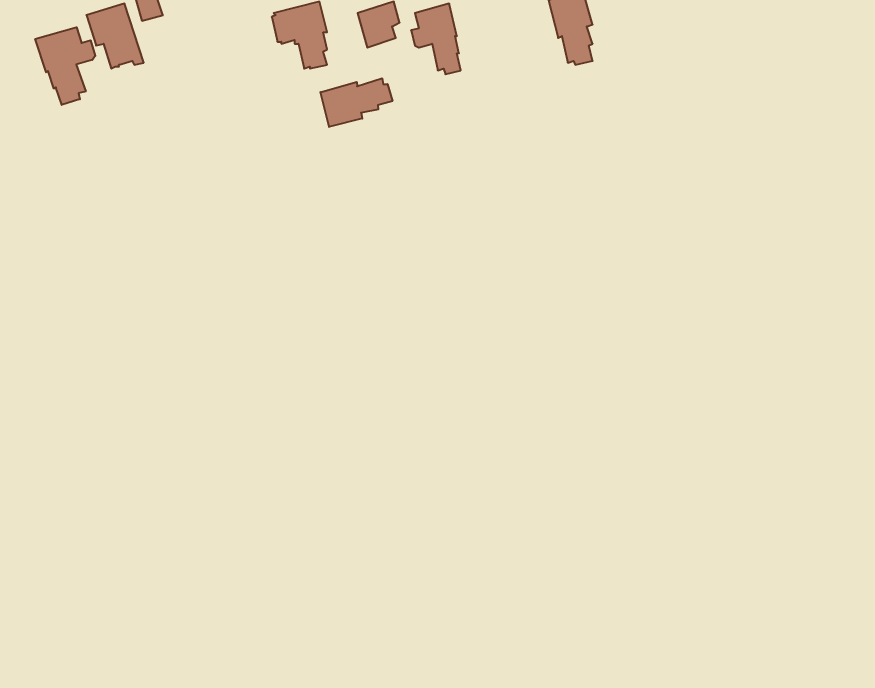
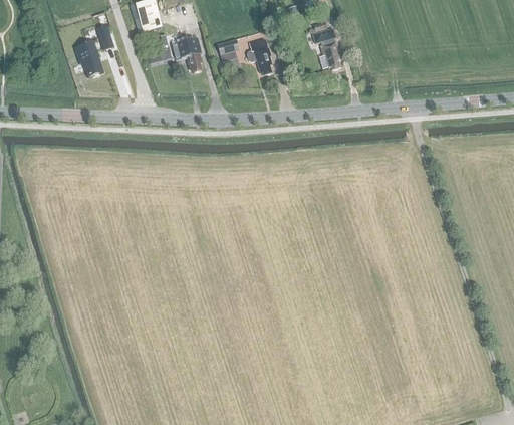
building: [35,27,95,105] -> none
building: [320,78,392,127] -> none

